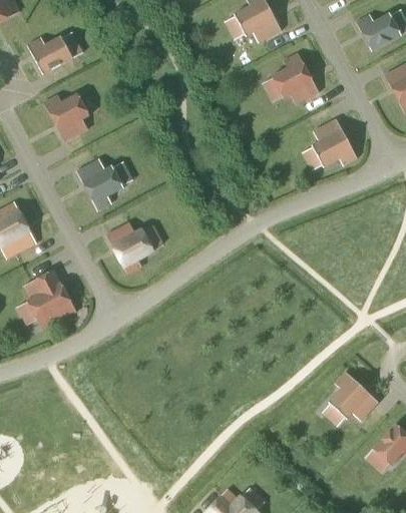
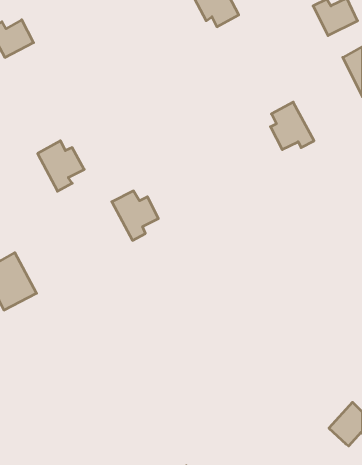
building: [271,52,318,103] -> none
building: [44,91,89,141] -> none
building: [106,222,153,273] -> [112,191,158,240]
building: [328,371,378,421] -> none

